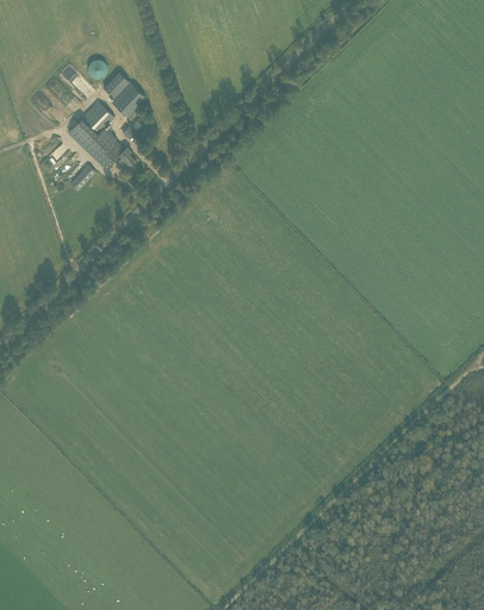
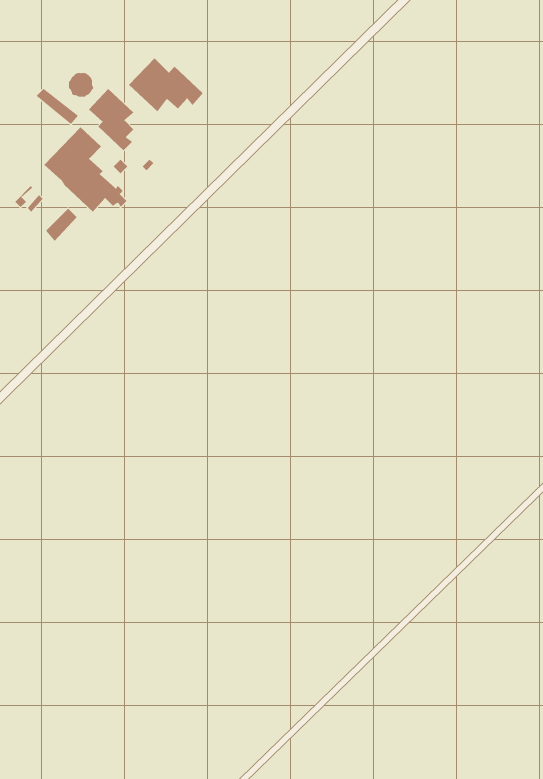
building: none -> [128,57,204,112]

